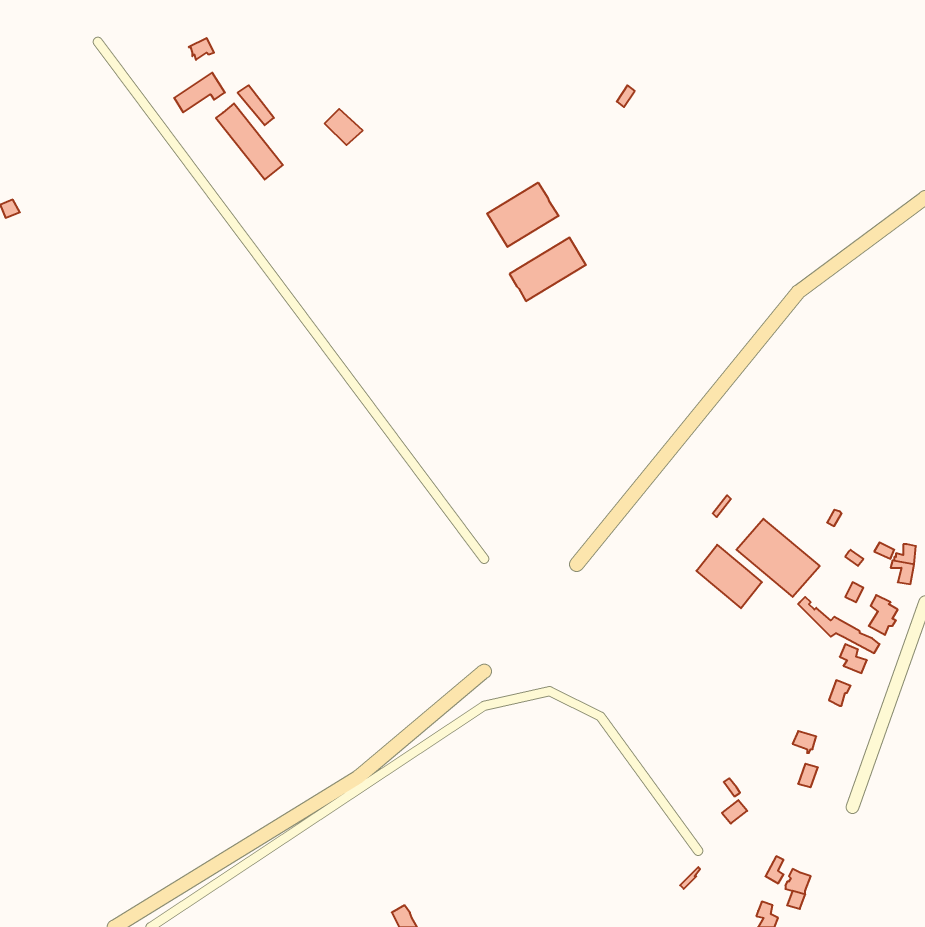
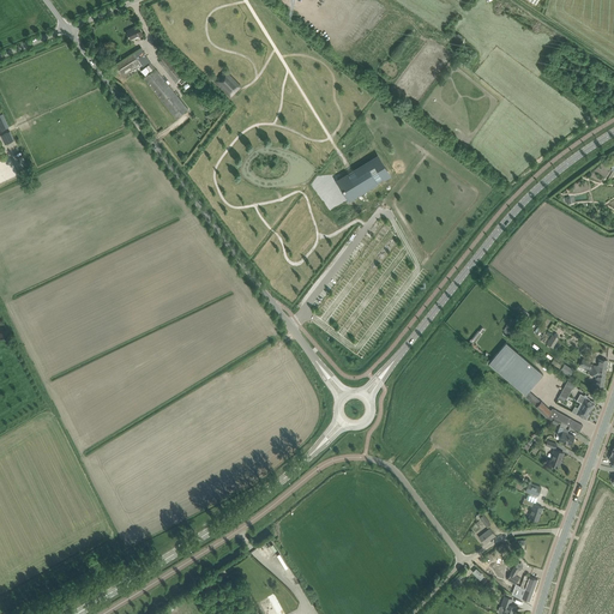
building: [487,183,559,247] -> none
building: [696,545,762,608] -> none

